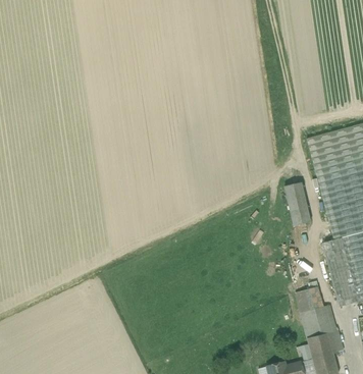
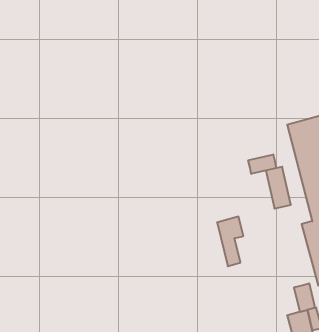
building: none -> [248,154,276,174]
building: [296,286,323,338] -> [217,217,243,266]

